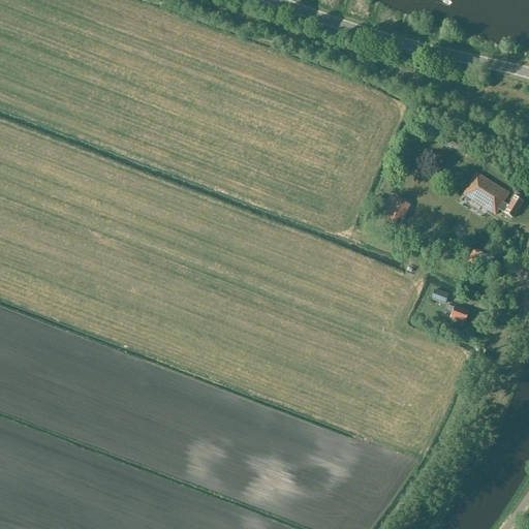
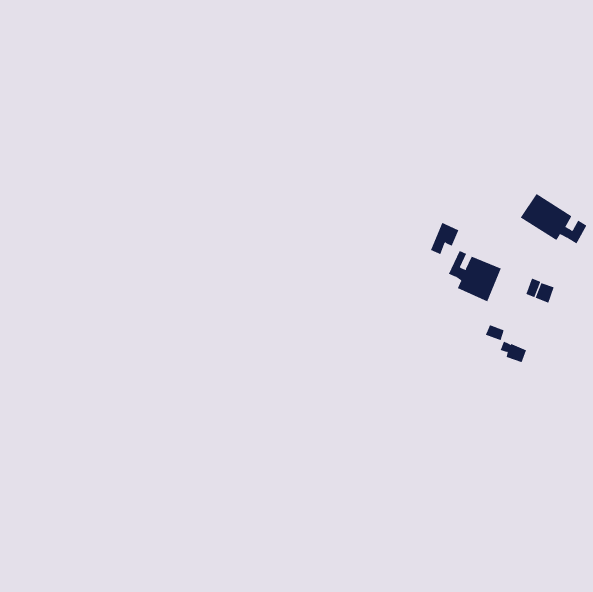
building: none -> [448,250,501,302]

